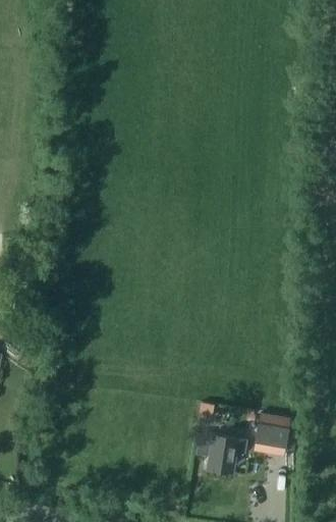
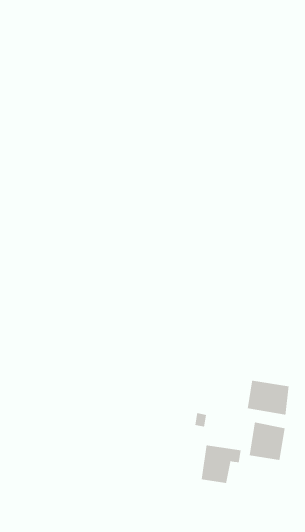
building: none -> [247,380,289,415]

